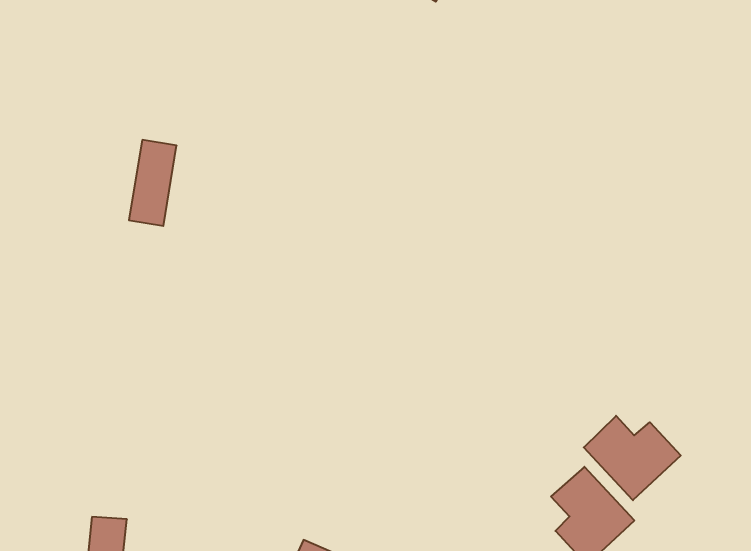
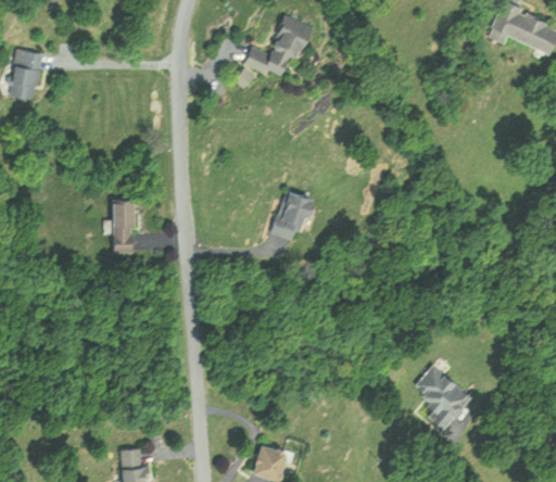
building: none -> [273,190,311,241]
building: [584,416,681,500] -> none

